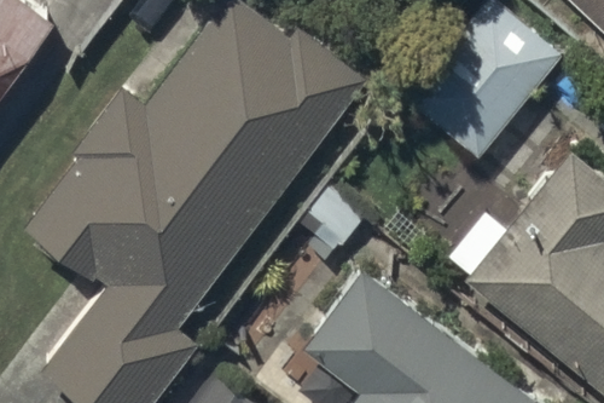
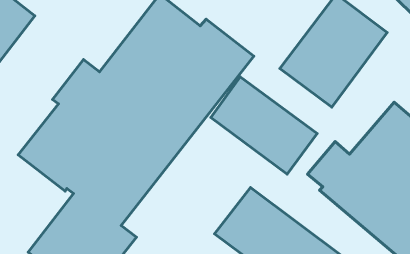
building: none -> [211,77,317,174]

